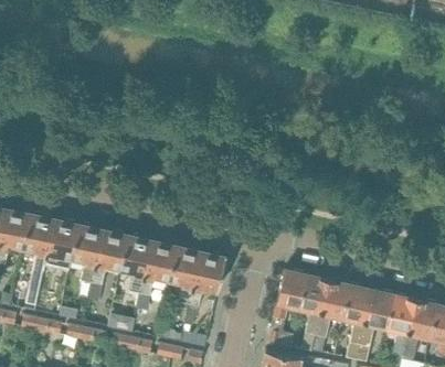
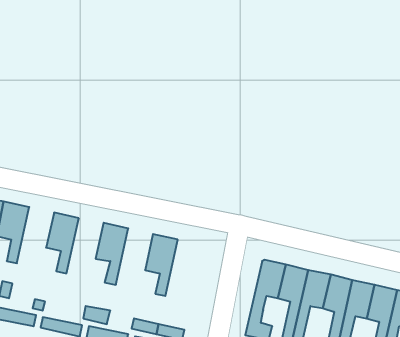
building: [44,219,80,272] -> none
building: [88,230,128,302] -> none
building: [137,240,177,313] -> none
building: [184,251,226,330] -> none

